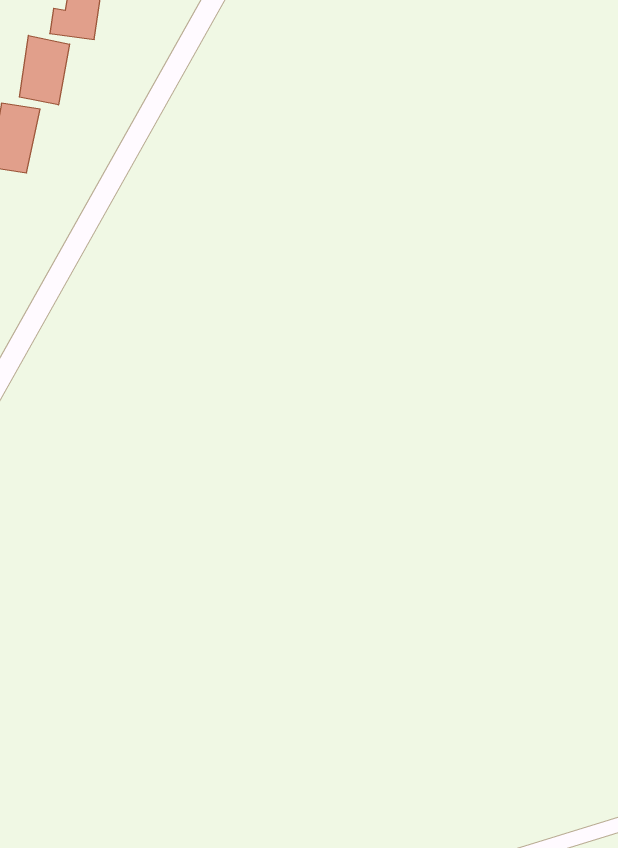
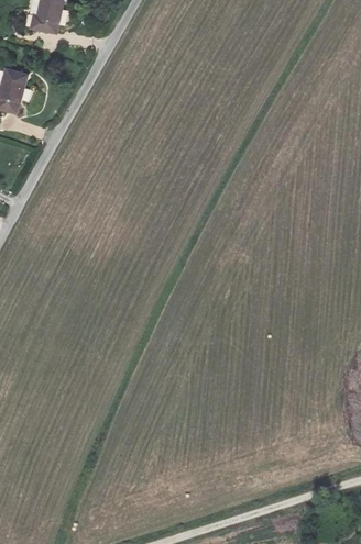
building: [19,35,70,105] -> none

